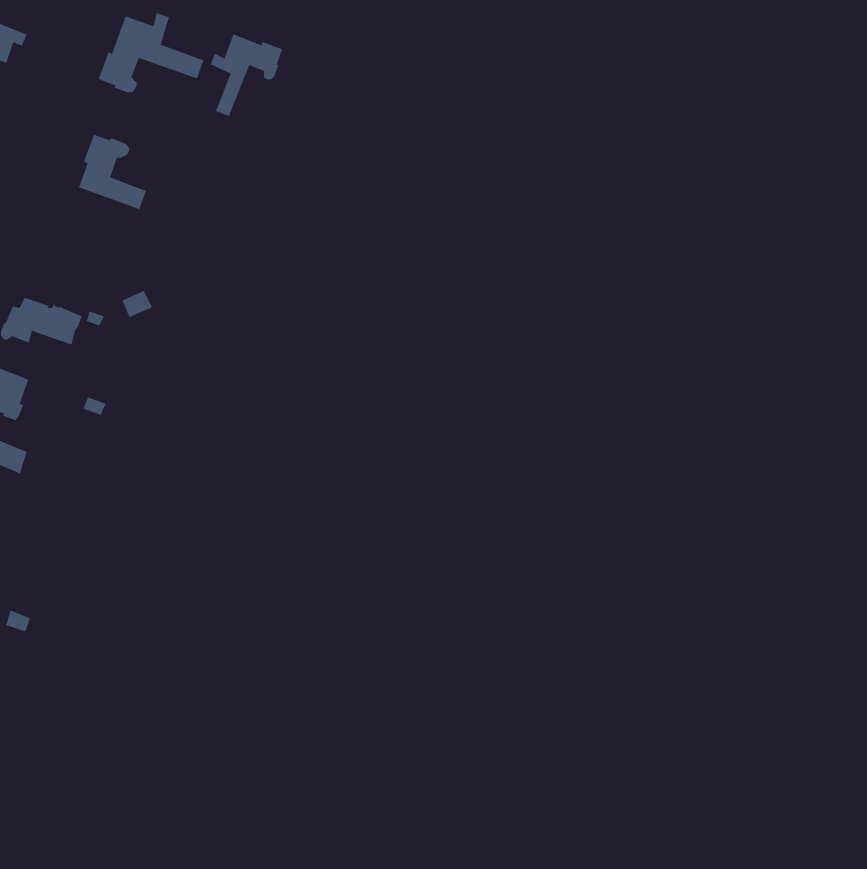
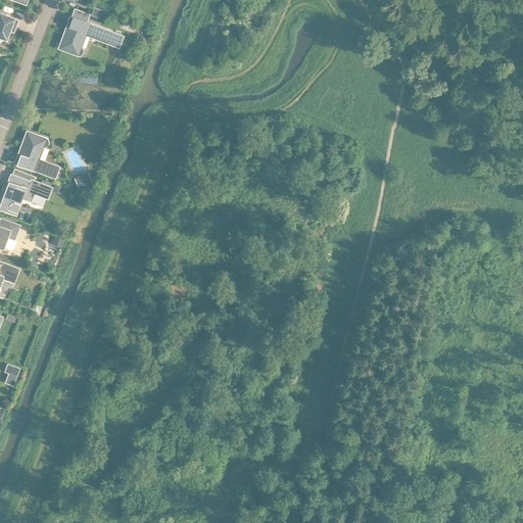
building: [210,33,283,117] -> none
building: [78,134,147,210] -> [16,133,57,178]

